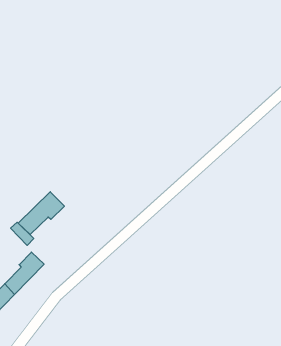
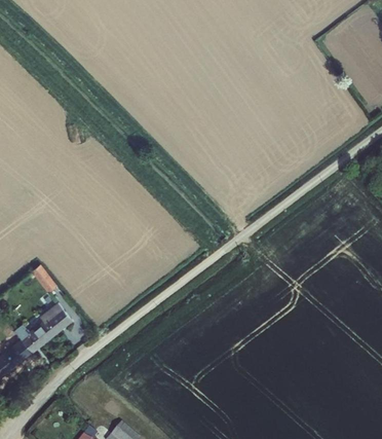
building: [18,192,64,234] -> none

